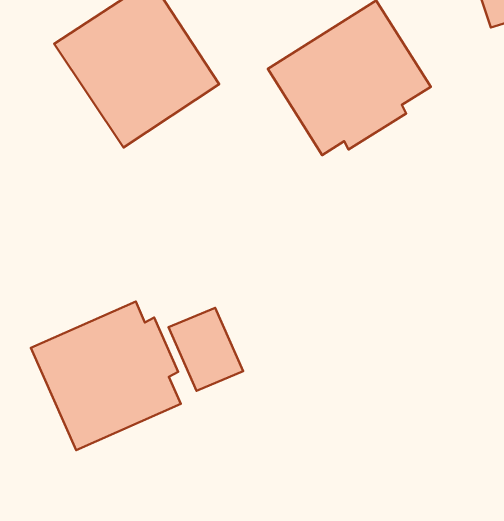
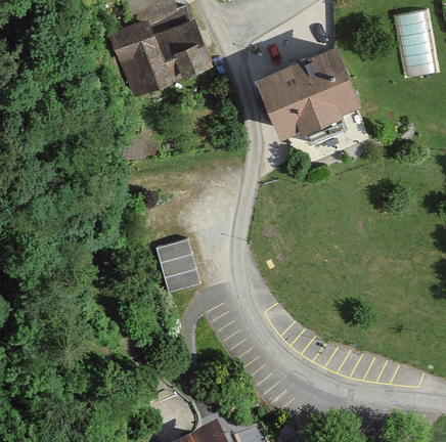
building: [31,302,181,450] -> none

